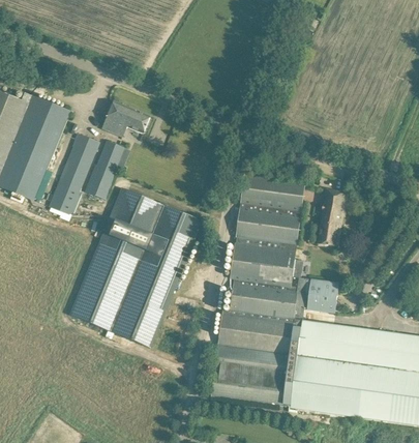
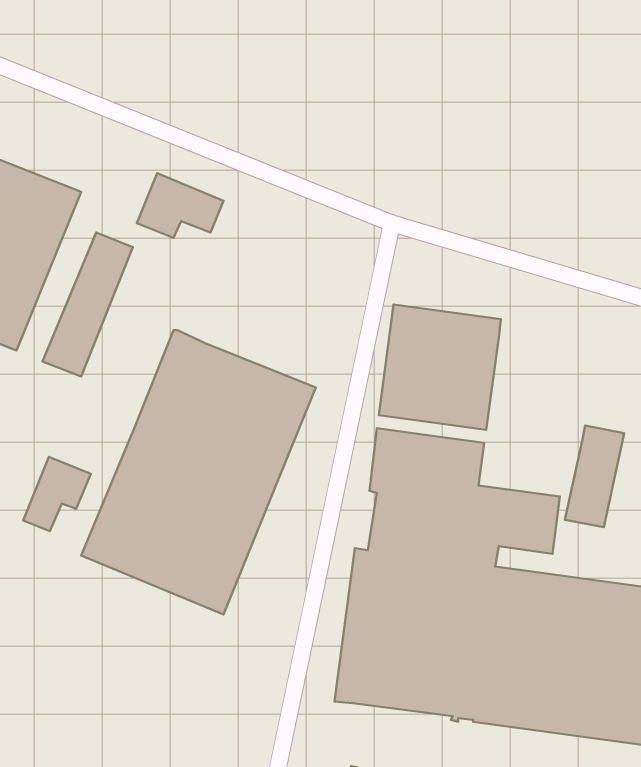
building: [84,141,123,200] -> none
building: [313,188,347,245] -> [565,426,624,527]
building: none -> [23,457,91,531]

